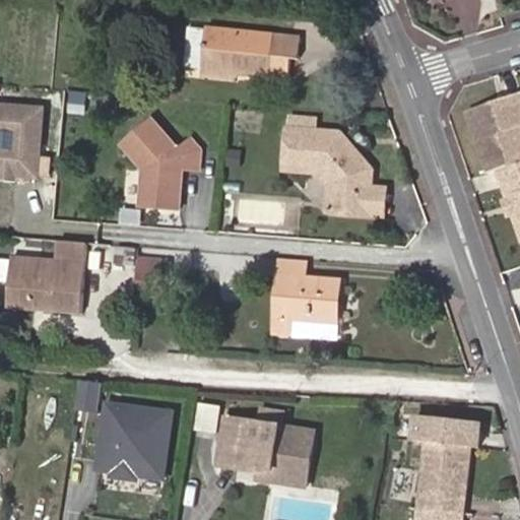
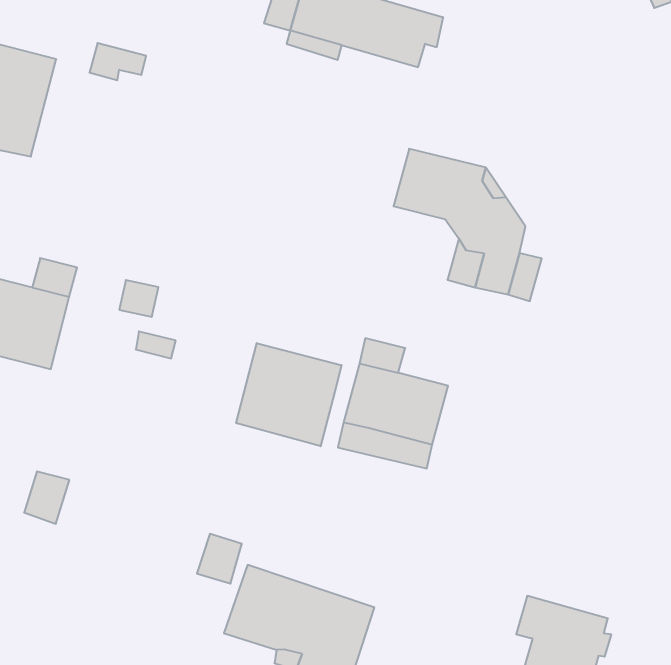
building: [123,114,205,206] -> none
building: none -> [236,343,342,446]
building: [100,404,172,478] -> none

